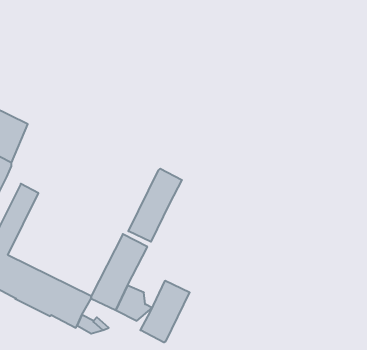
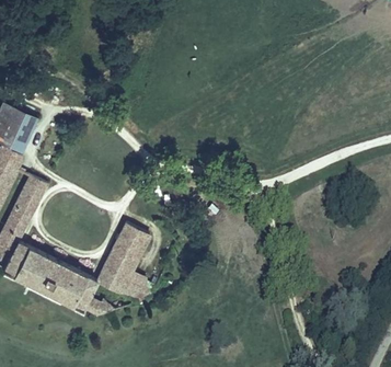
building: [128,169,182,242] -> none
building: [140,281,190,342] -> none

